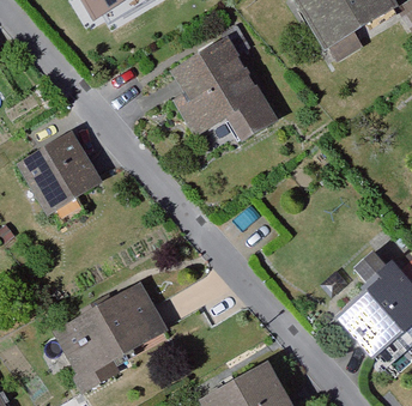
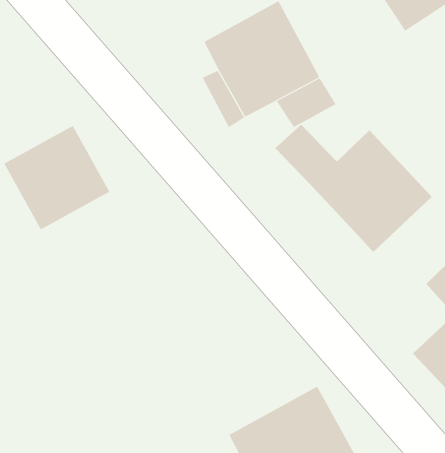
building: none -> [275,124,432,253]
building: [40,272,164,387] -> none

